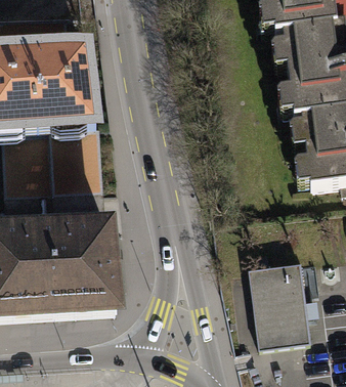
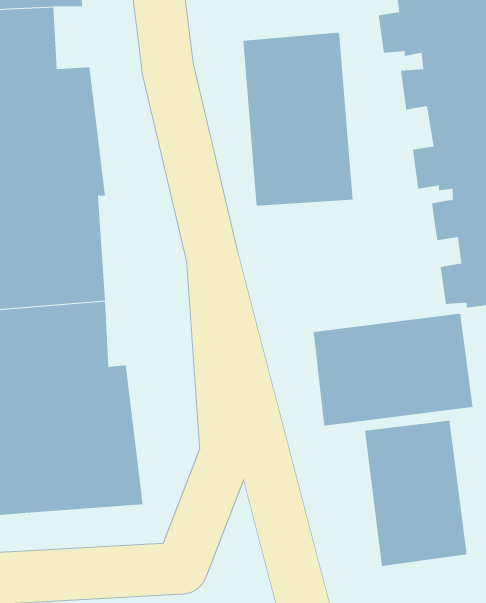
building: none -> [243,32,353,207]
building: none -> [313,313,473,427]

